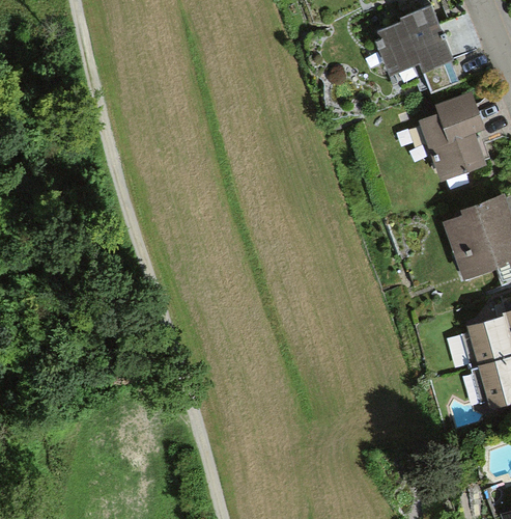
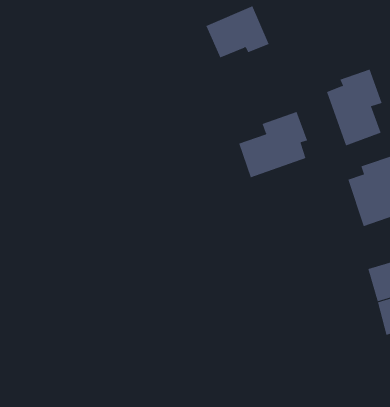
building: [373,18,449,80] -> [206,6,270,58]
building: none -> [238,111,308,178]

